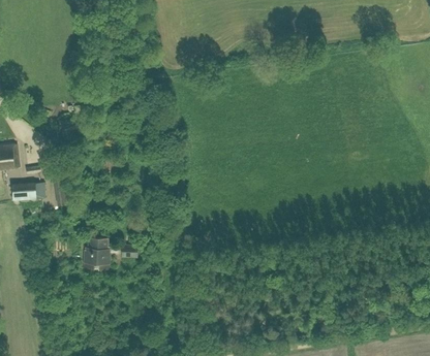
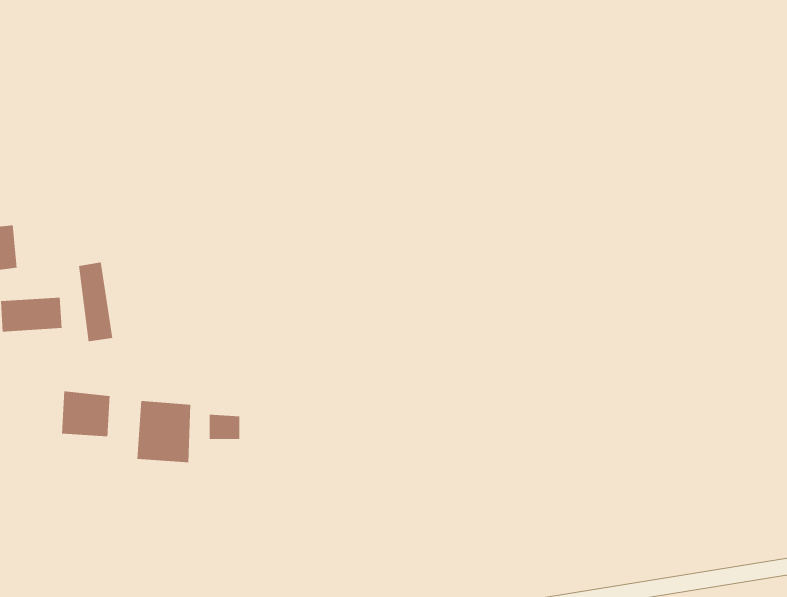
building: none -> [61,391,110,437]

